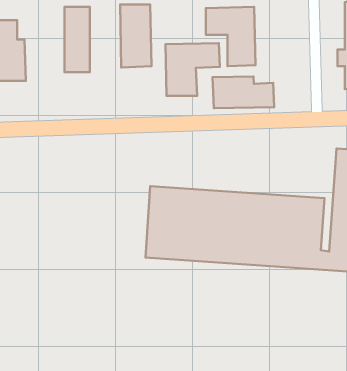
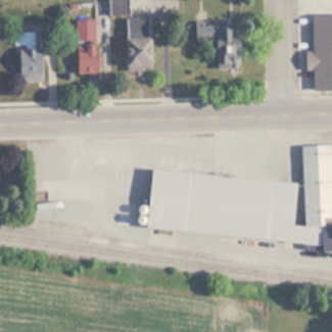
building: [166,43,220,96] -> none
building: [212,77,274,108] -> none

